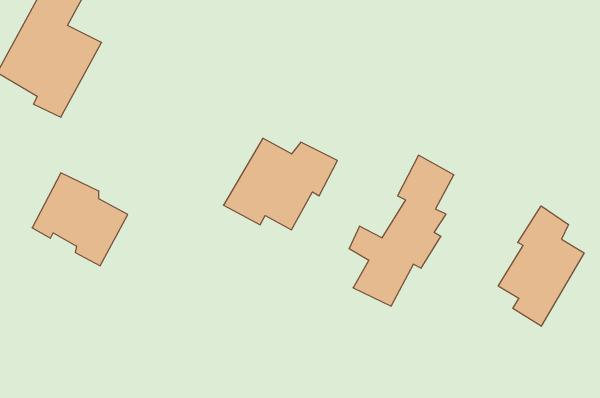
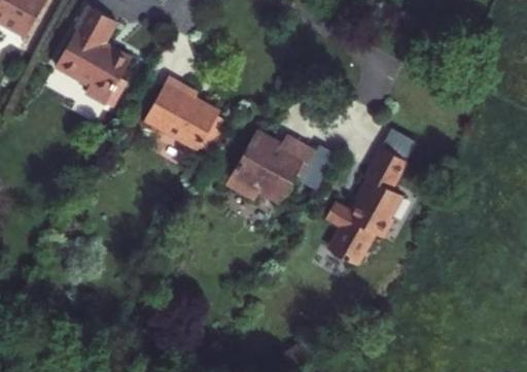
building: [32,173,128,266] -> [144,77,219,150]
building: [498,206,584,326] -> none

